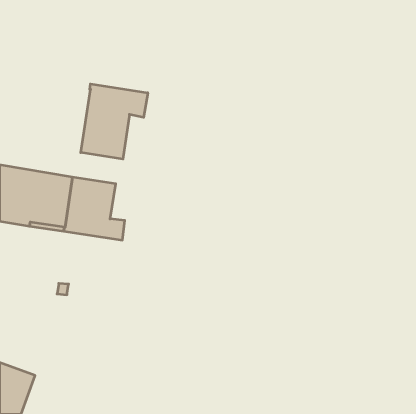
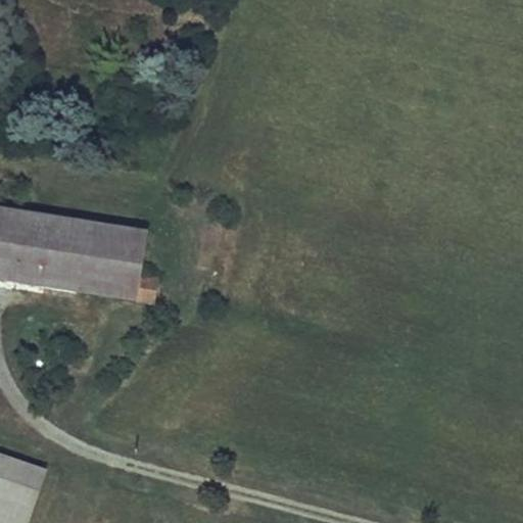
building: [81,84,148,159] -> none

